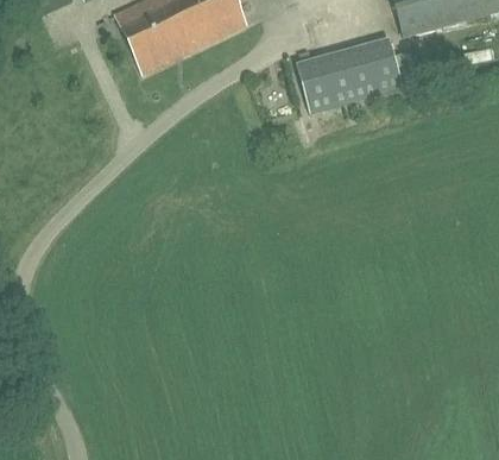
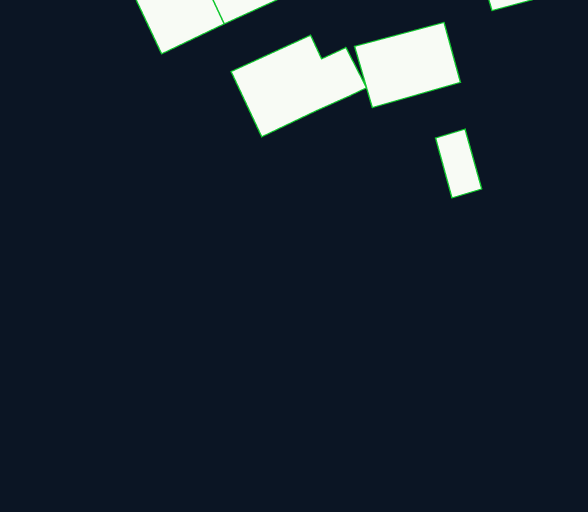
building: [367,37,404,92] -> [435,129,482,198]
building: none -> [231,35,367,137]

